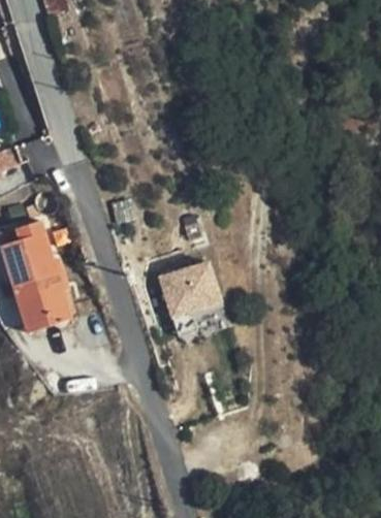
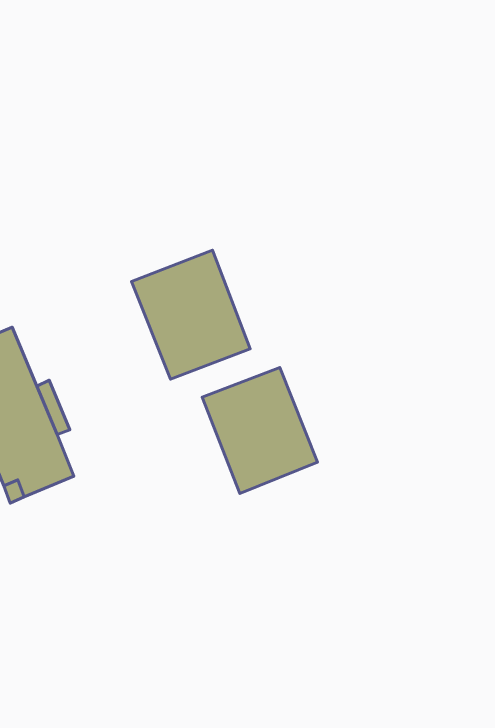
building: none -> [132,250,250,379]

